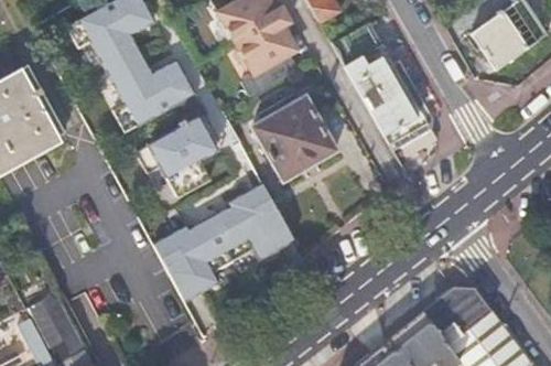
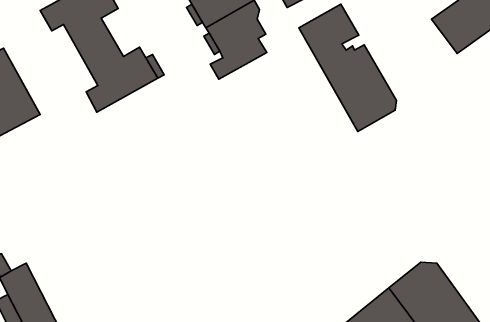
building: [252,97,336,180] -> none
building: [136,115,215,195] -> none
building: [151,184,291,300] -> none

